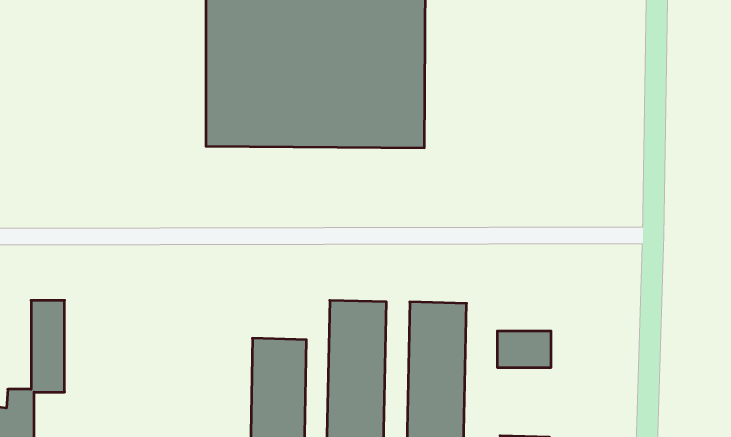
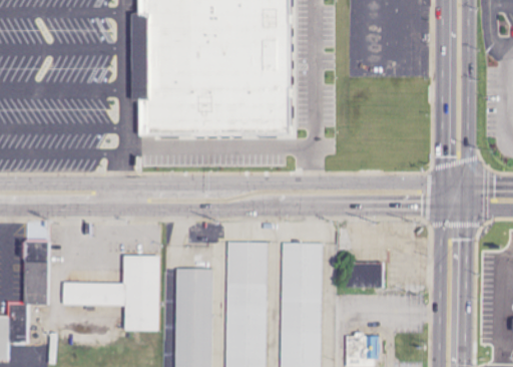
building: none -> [60,254,157,329]

